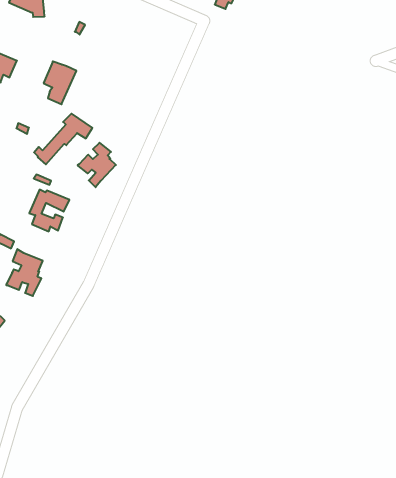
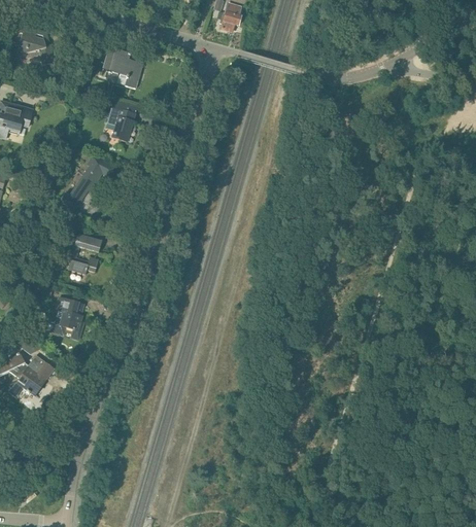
building: none -> [102,48,142,87]
building: [44,61,76,104] -> [106,100,137,141]
building: [78,143,116,187] -> none

